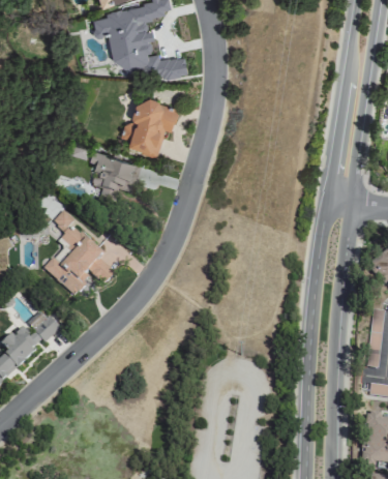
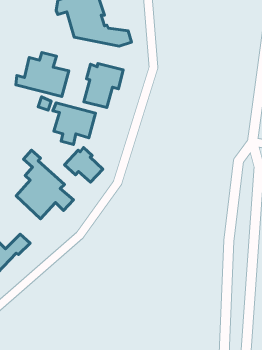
building: none -> [16,53,69,97]
building: none -> [65,148,103,182]

